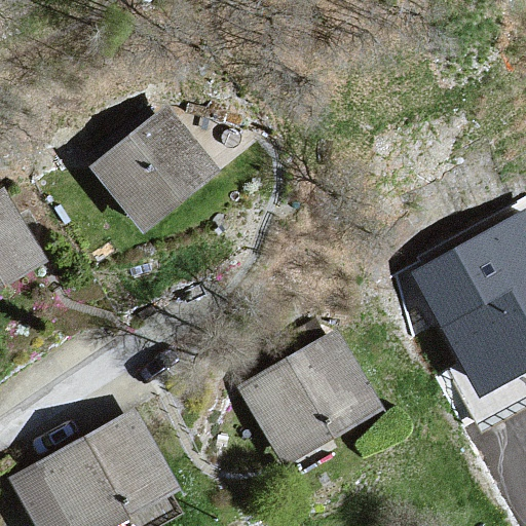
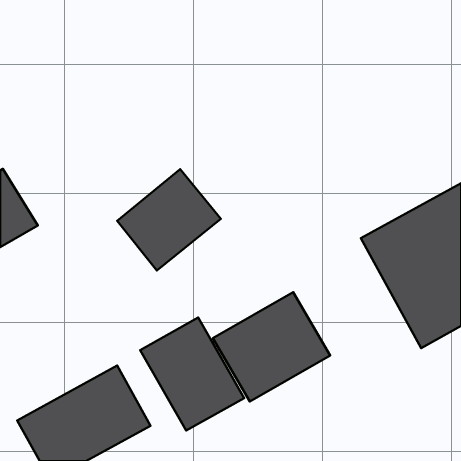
building: [96,111,214,226] -> [117,169,221,270]
building: none -> [140,318,244,431]

